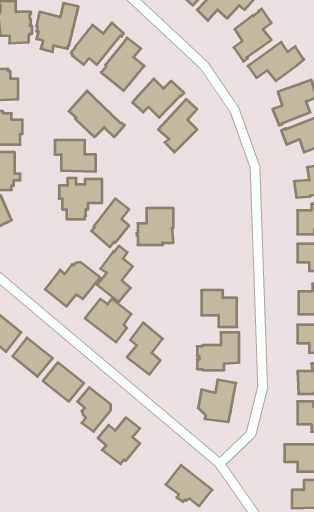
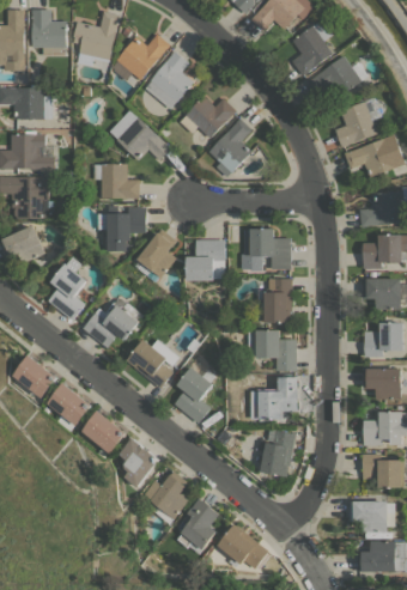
building: none -> [239,229,291,270]
building: none -> [254,279,292,323]
building: [97,246,133,302] -> [48,257,87,320]
building: none -> [174,498,219,554]

